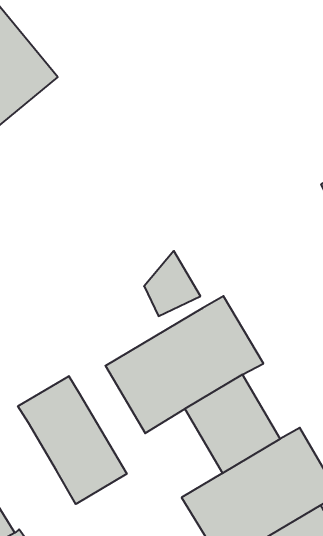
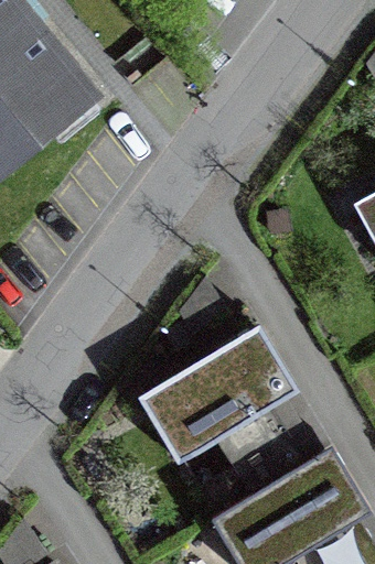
building: [18,376,127,504] -> none

